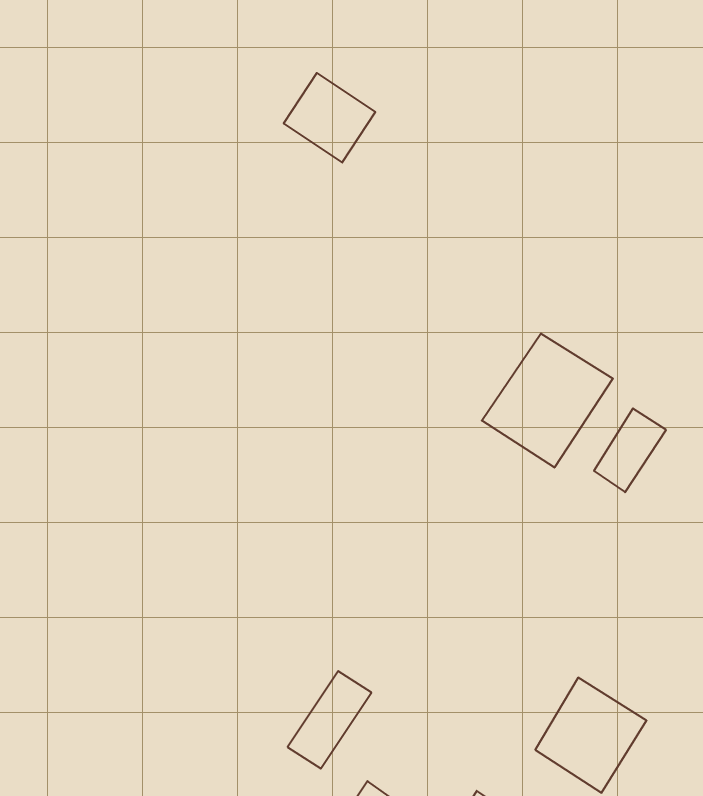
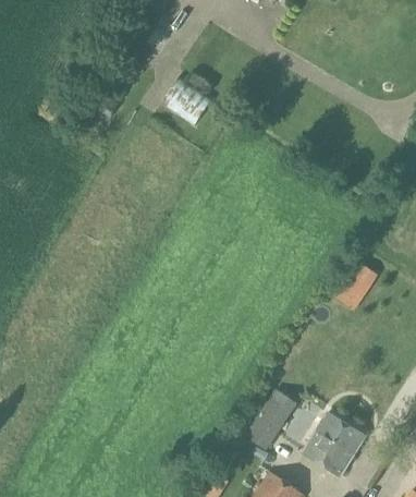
building: [482,333,613,468] -> none
building: [288,671,371,769] -> [248,391,295,446]

